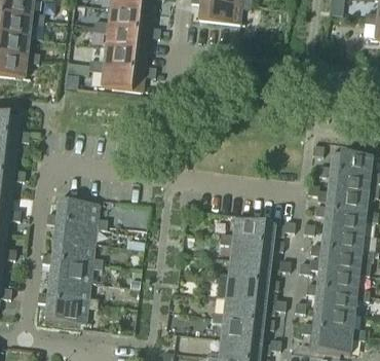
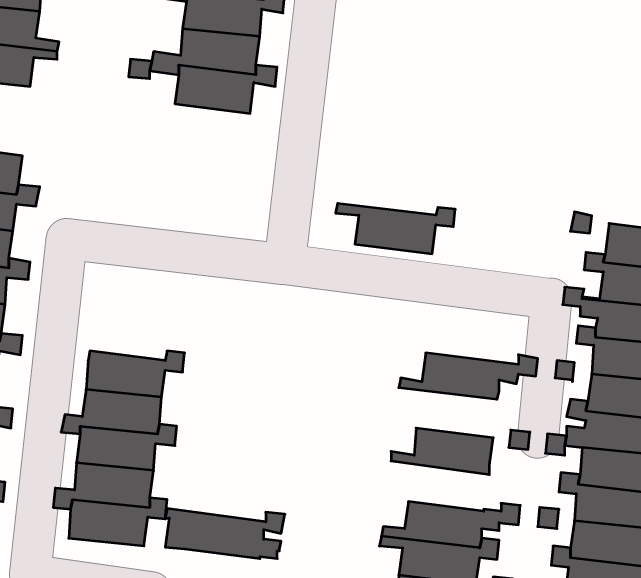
building: [46,198,100,224] -> none
building: [220,239,283,265] -> [336,203,455,254]
building: [216,278,279,304] -> [165,508,285,559]

